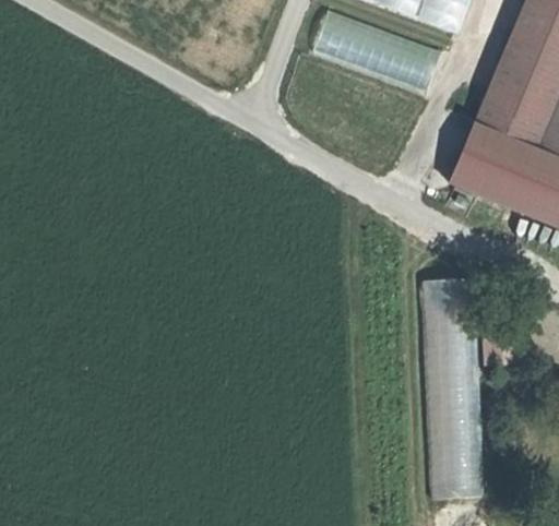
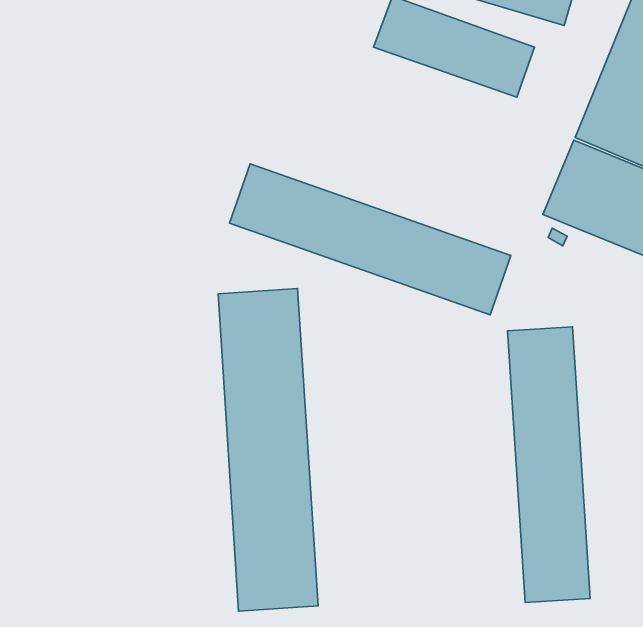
building: none -> [229,164,511,315]
building: none -> [218,288,318,611]

